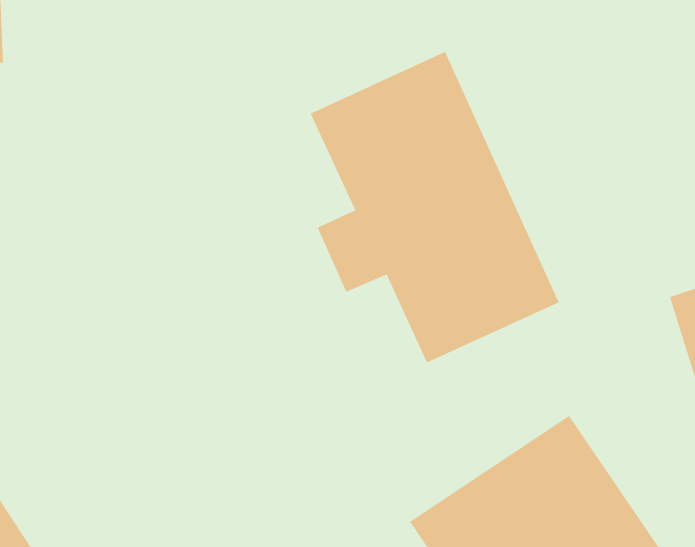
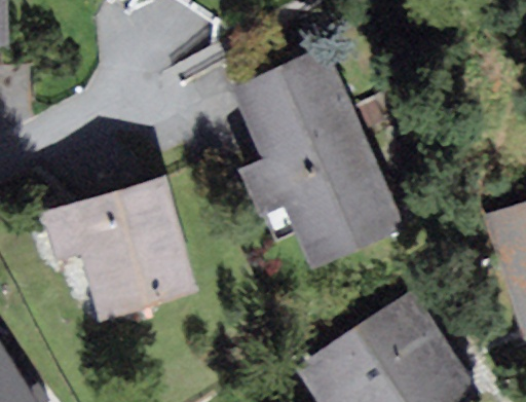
building: none -> [51,180,197,319]

